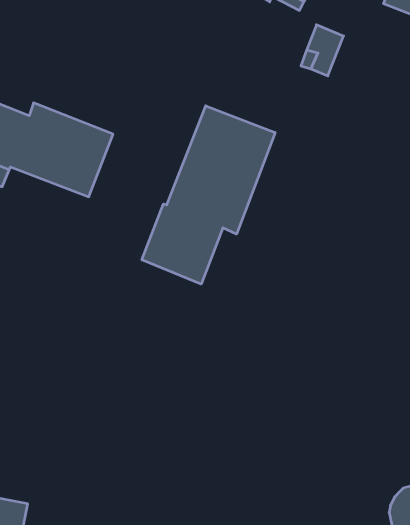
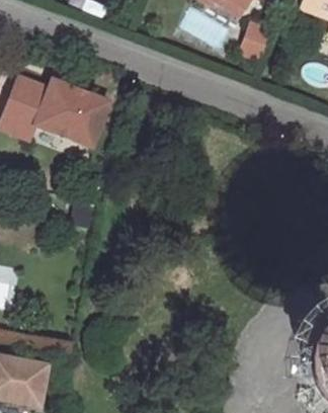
building: [142,106,275,284] -> none

